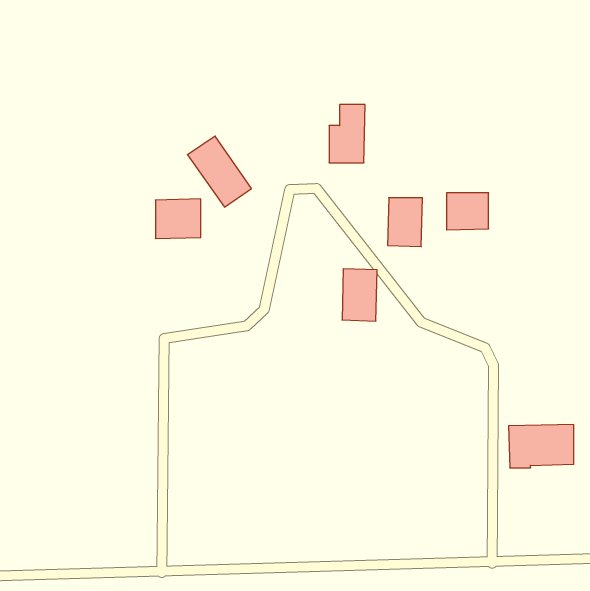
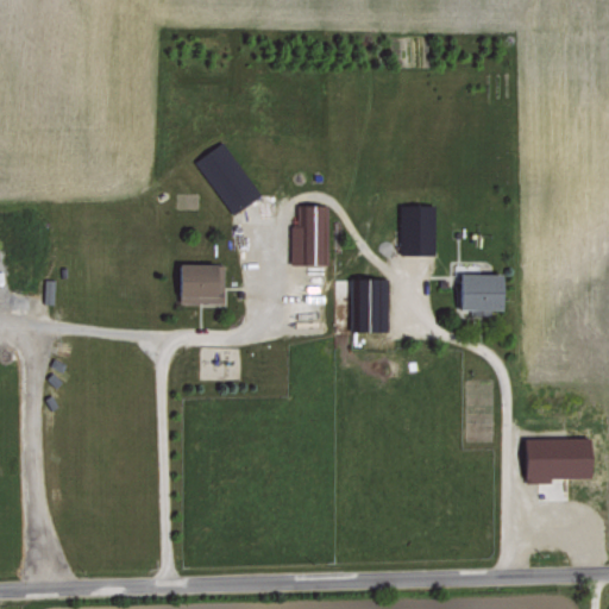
building: [329,105,365,163] -> [293,206,329,265]
building: [447,193,489,230] -> [460,274,503,312]
building: [155,199,201,239] -> [180,264,226,304]

